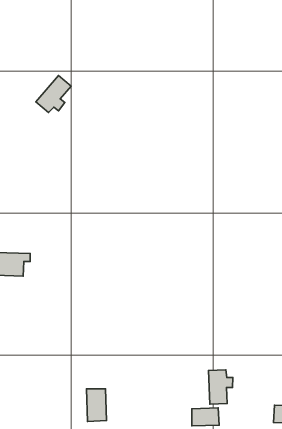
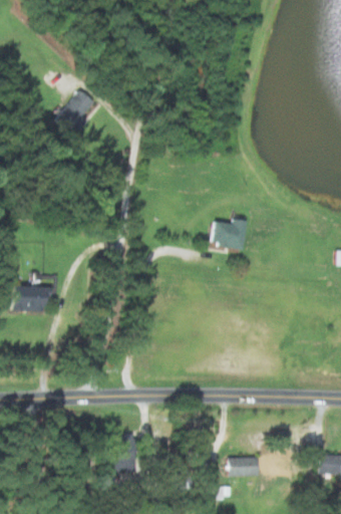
building: none -> [212,216,249,250]
building: [209,370,233,404] -> none

